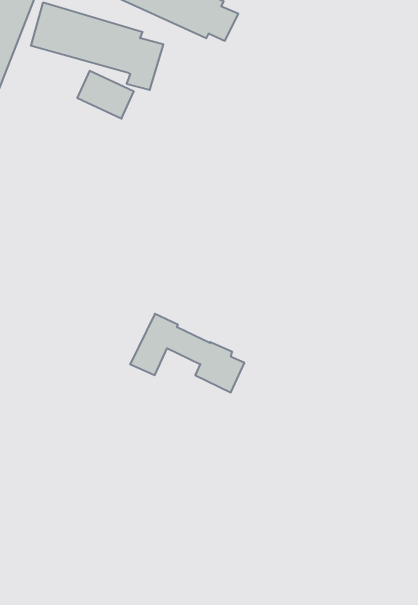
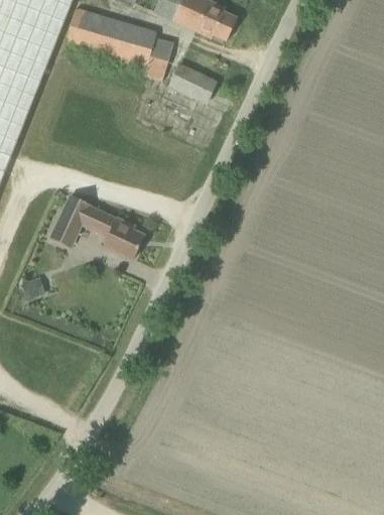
building: [77,71,134,119] -> [168,62,215,102]
building: [130,314,244,392] -> [49,194,143,258]

